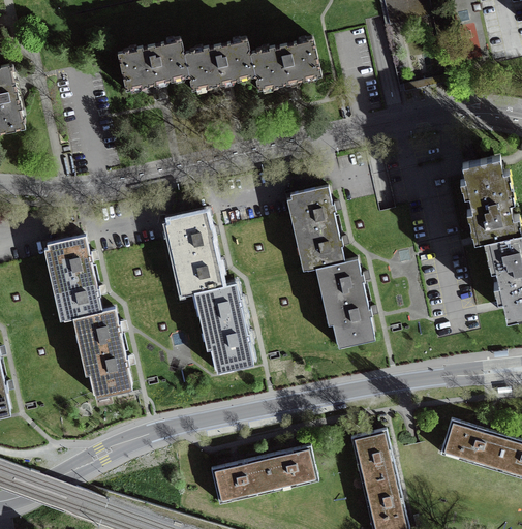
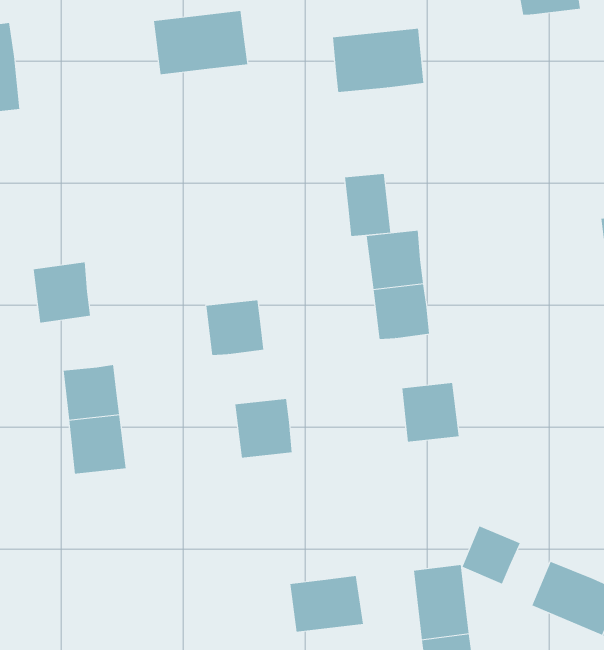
building: [183,37,254,91] -> none
building: none -> [345,173,391,237]
building: [168,211,215,258] -> none
building: [319,258,365,304] -> none
building: [56,275,101,320] -> none
building: [197,283,244,329] -> none
building: none -> [462,526,521,585]
building: [211,457,269,504] -> none

